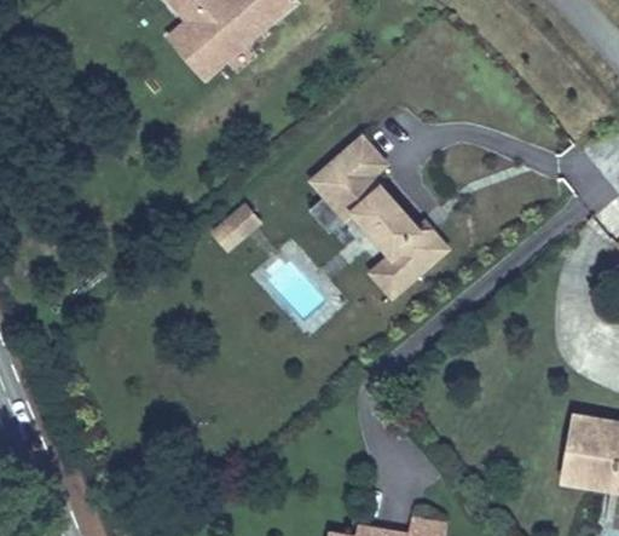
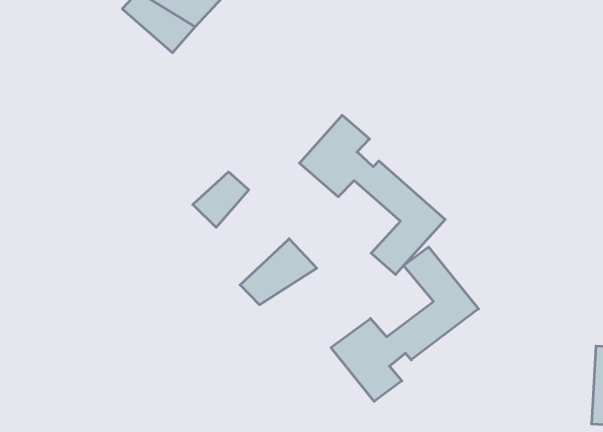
building: none -> [240,239,317,305]
building: none -> [331,247,479,401]

